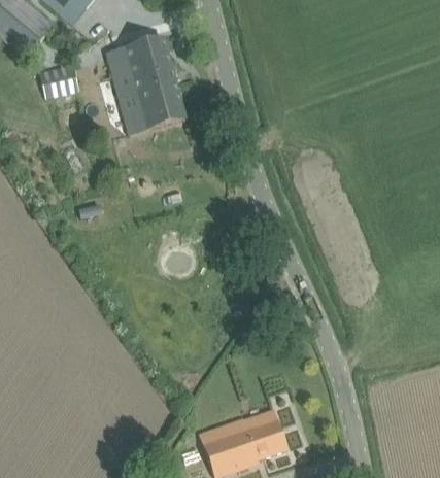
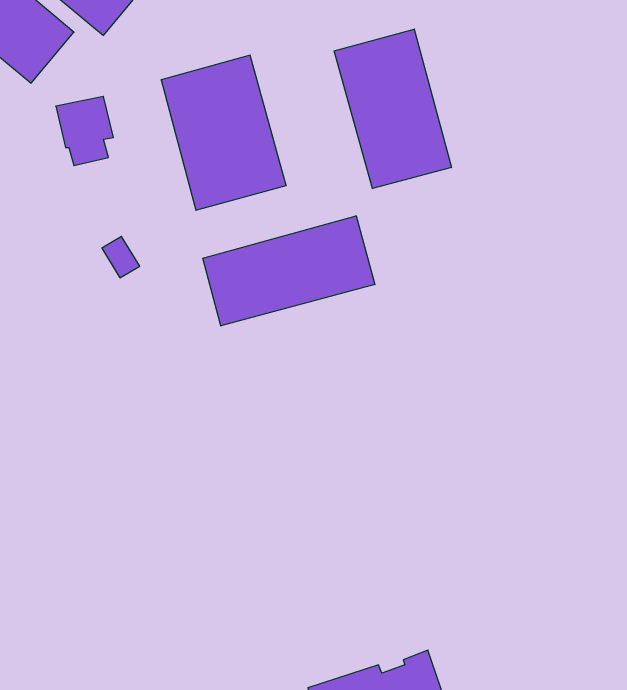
building: none -> [334,29,451,189]
building: none -> [203,216,375,326]

